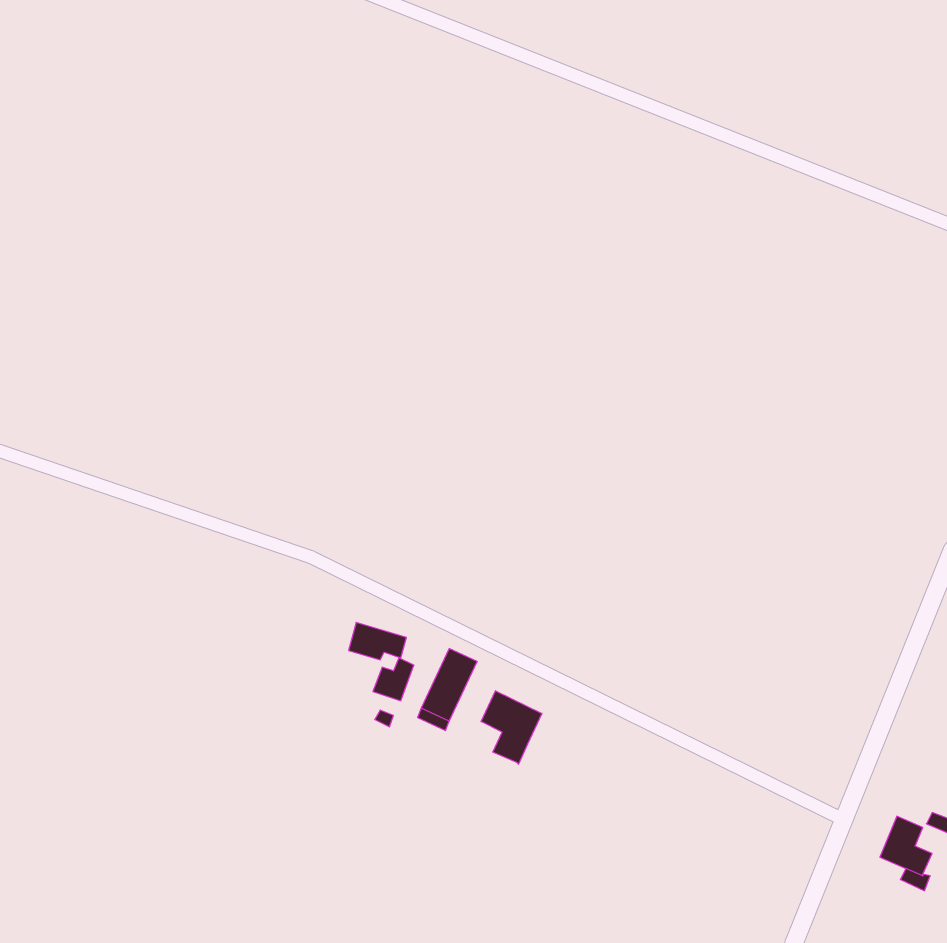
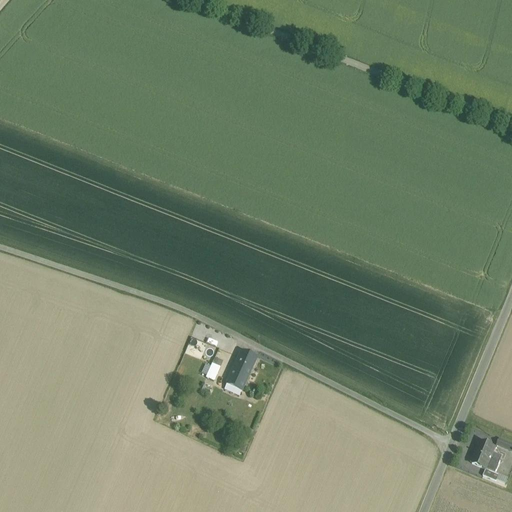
building: [481,691,542,764] -> none

